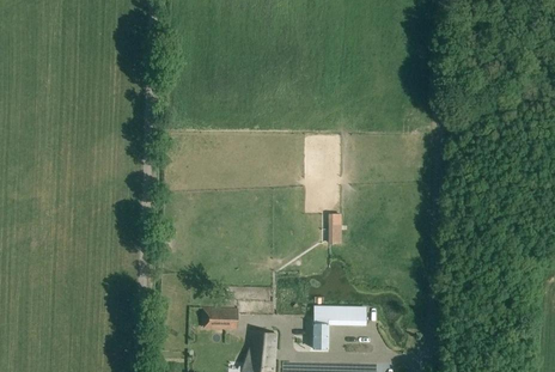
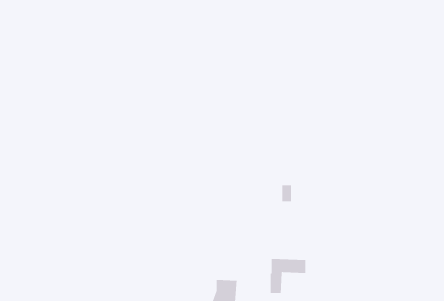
building: [201,304,237,327] -> none

